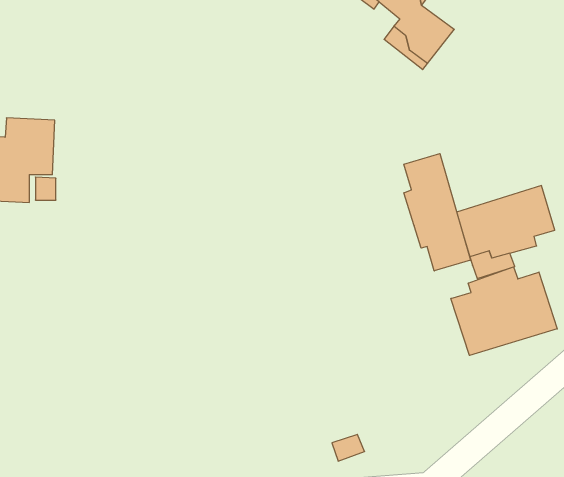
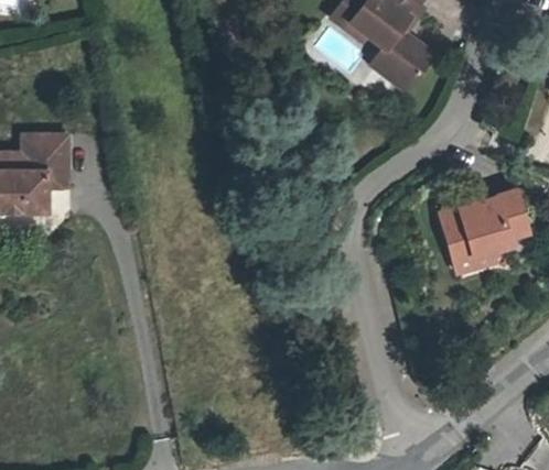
building: [404,154,470,271] -> none
building: [451,267,557,355] -> none

